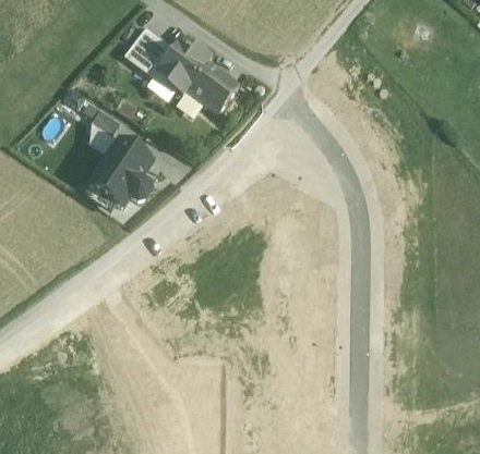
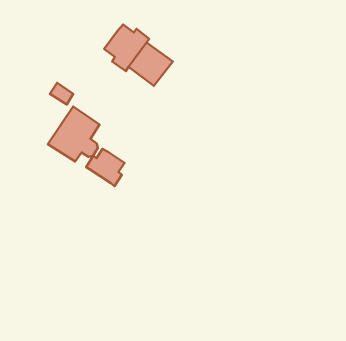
building: [124,27,173,78] -> none
building: none -> [86,149,125,186]

